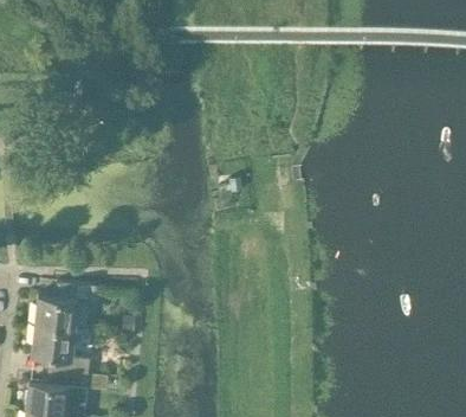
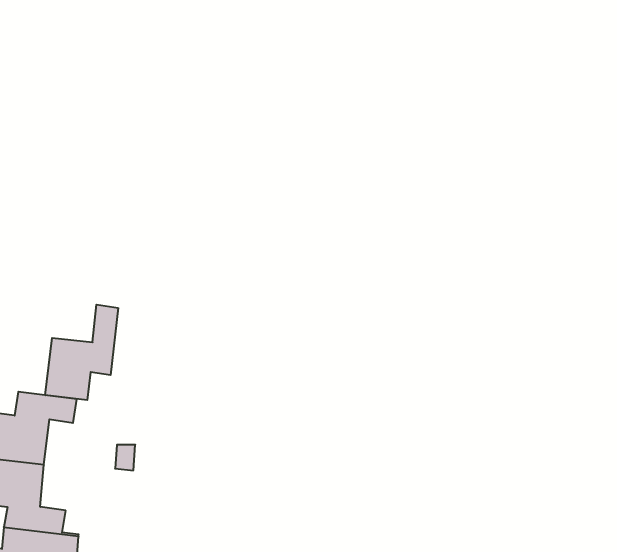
building: none -> [45,305,118,400]

